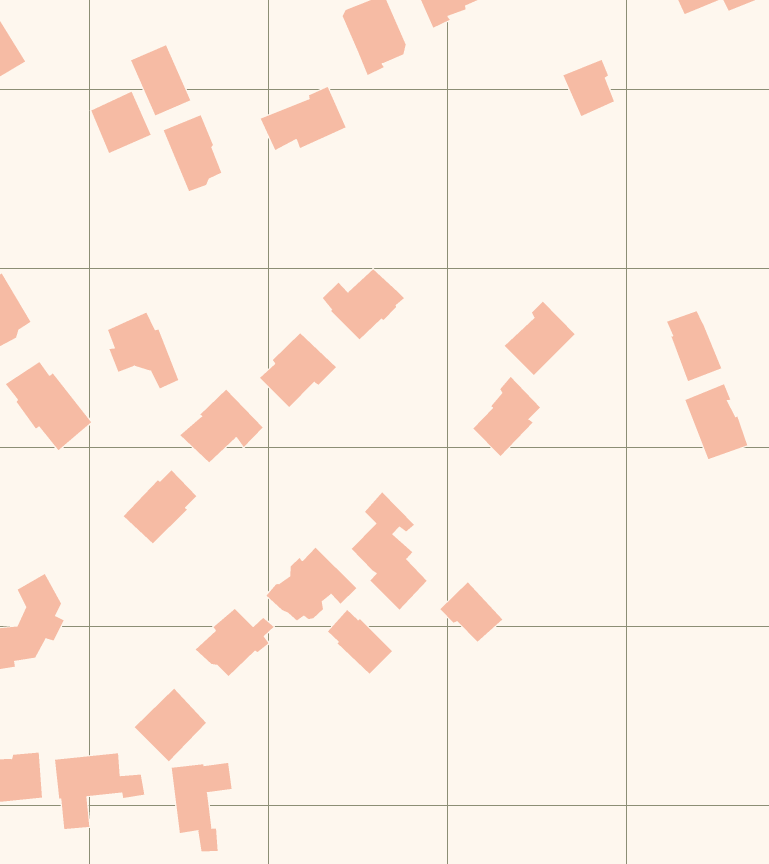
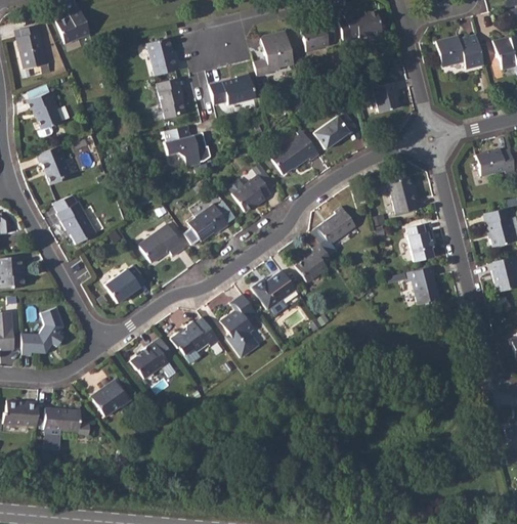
building: [91,91,151,154] -> none
building: none -> [314,112,356,148]
building: none -> [270,127,319,173]
building: none -> [388,177,419,214]
building: [107,312,179,389] -> [164,125,199,167]
building: none -> [252,269,297,308]
building: [439,582,503,643] -> none
building: [327,609,393,674] -> none
building: [171,762,232,852] -> none

